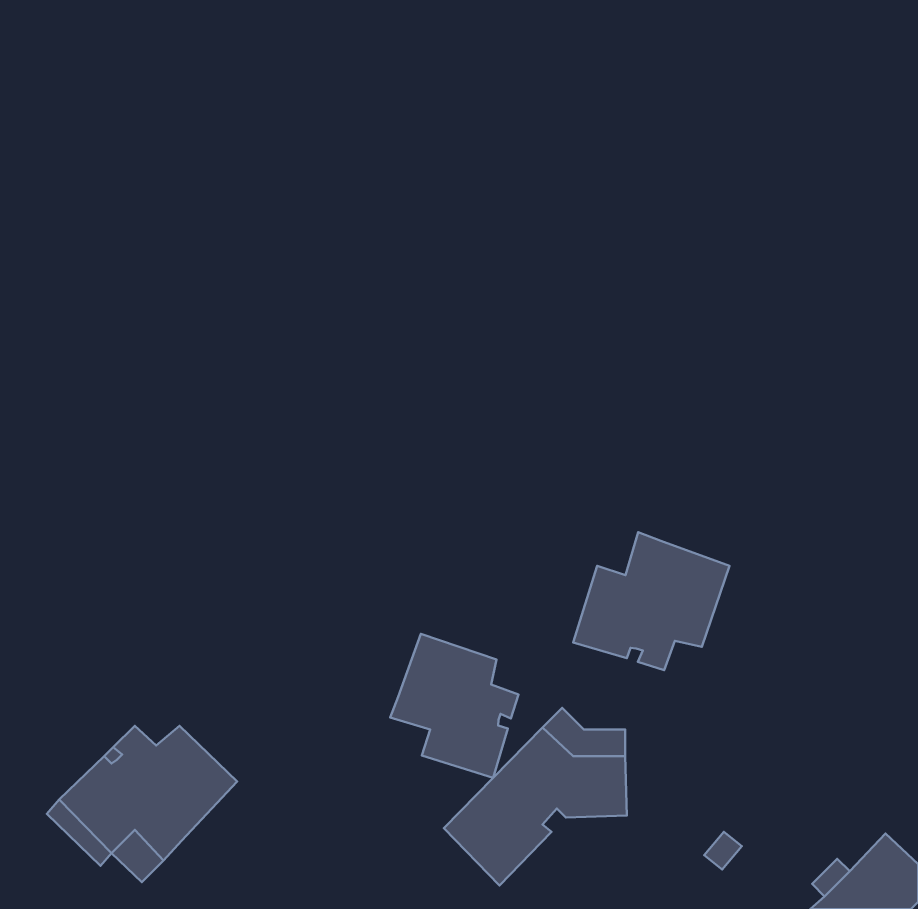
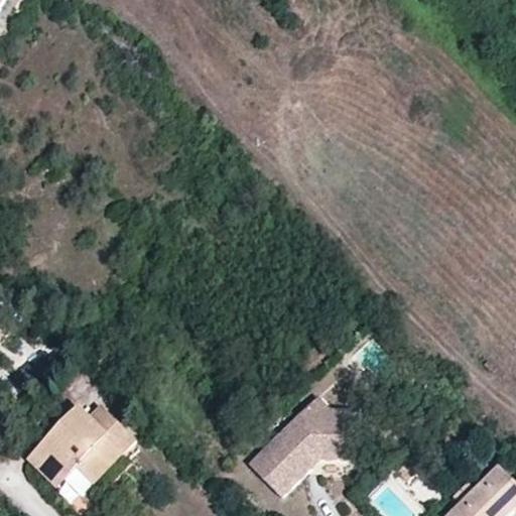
building: [573,532,730,670] -> none
building: [390,634,519,778] -> none

